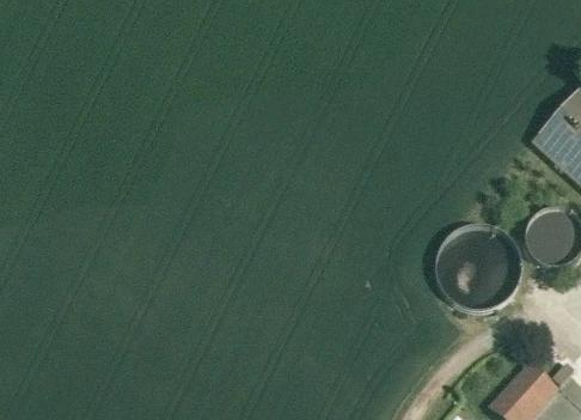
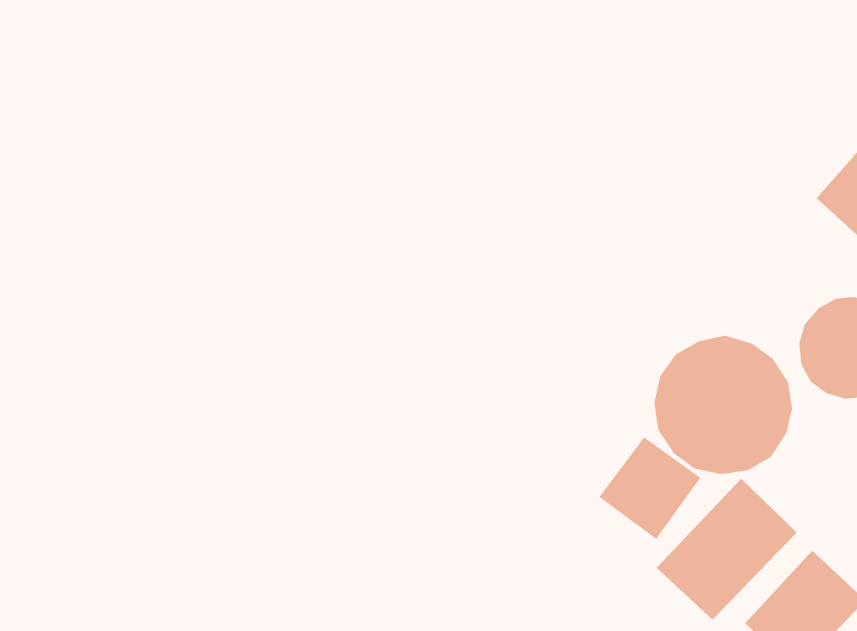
building: none -> [599,437,701,540]
building: none -> [656,478,797,620]

